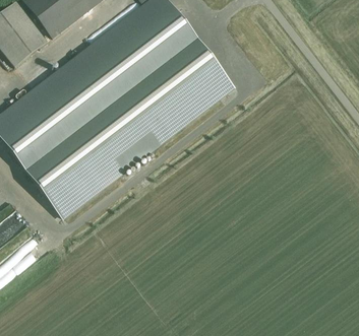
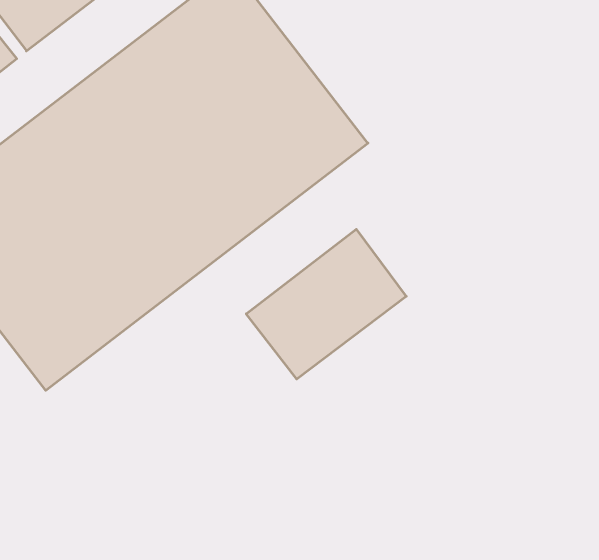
building: none -> [246,229,406,379]

